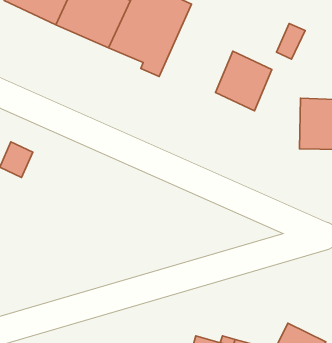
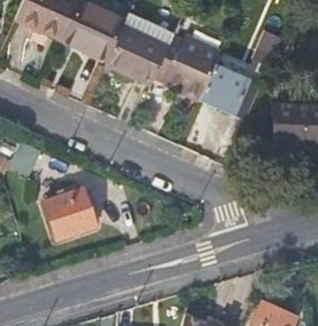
building: none -> [167,36,222,99]
building: none -> [45,189,96,240]

